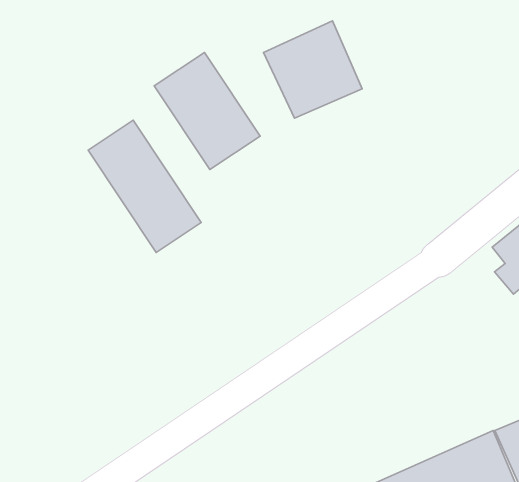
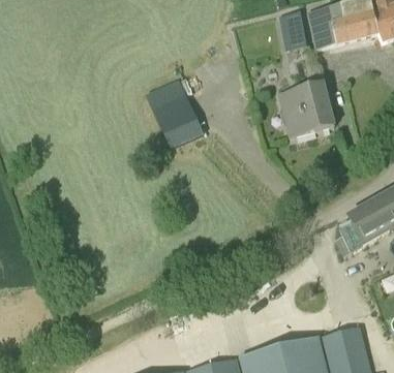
building: [263,21,362,118] -> [277,82,334,137]
building: [88,120,201,252] -> none

